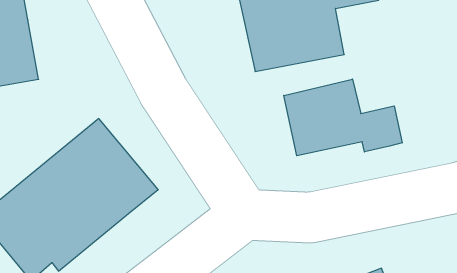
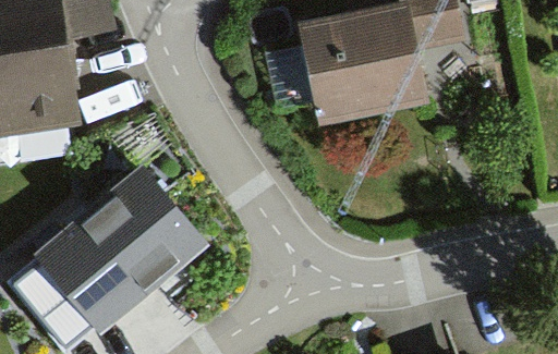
building: [284,79,402,156] -> none

